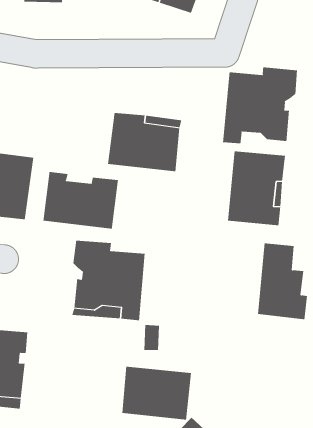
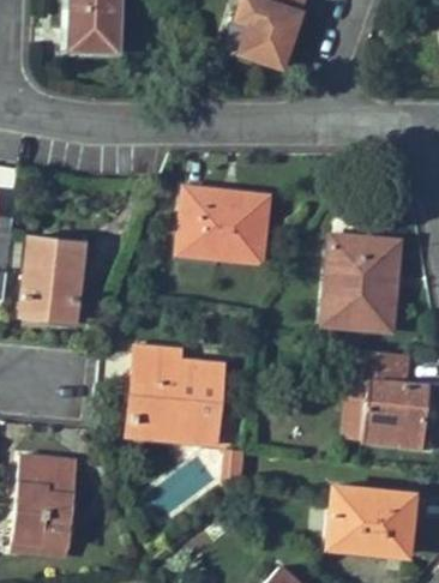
building: [223,66,297,144] -> none
building: [43,171,118,229] -> none
building: [122,366,192,420] -> [329,486,416,553]

